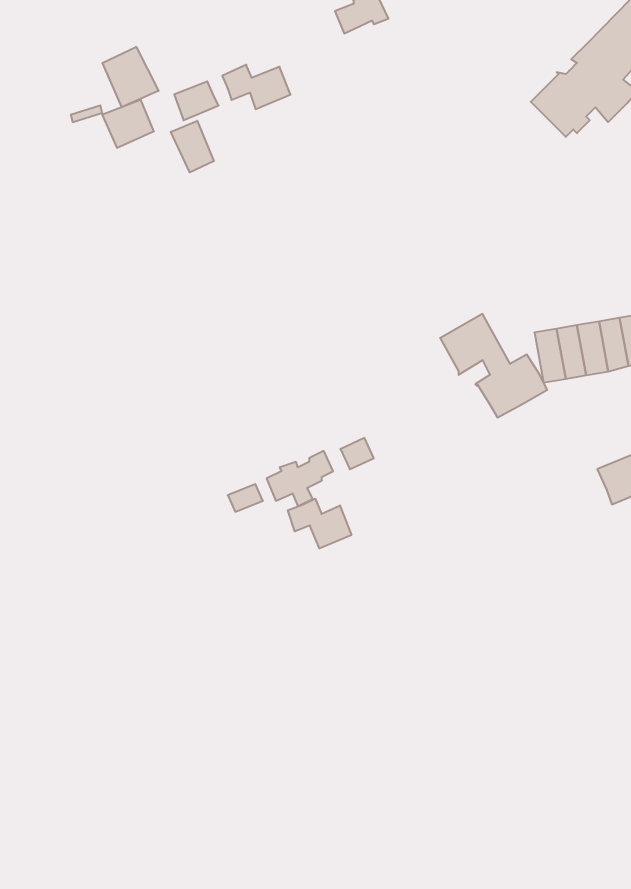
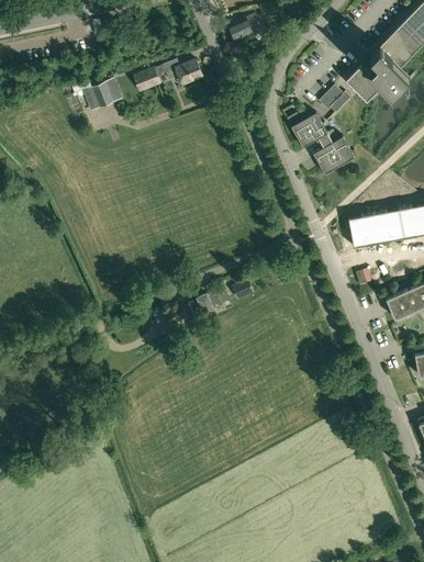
building: [102,47,159,107] -> none
building: none -> [319,85,352,113]
building: [171,121,214,172] -> none
building: [440,314,547,417] -> [291,112,355,173]
building: [288,499,351,548] -> none

